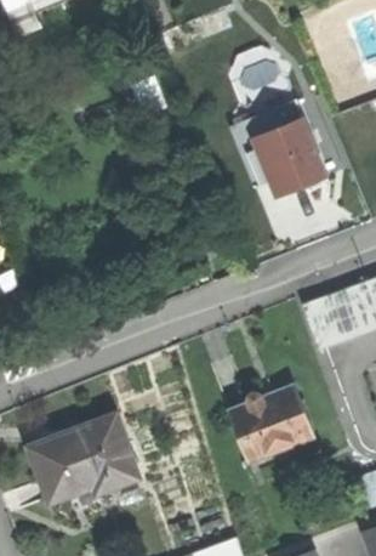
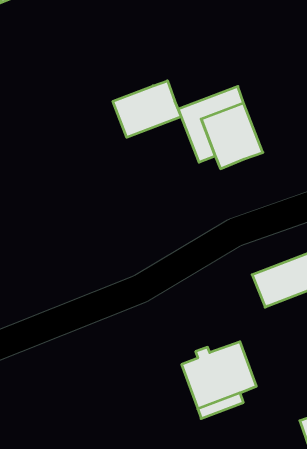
building: none -> [113,81,181,137]
building: [33,421,138,504] -> none

